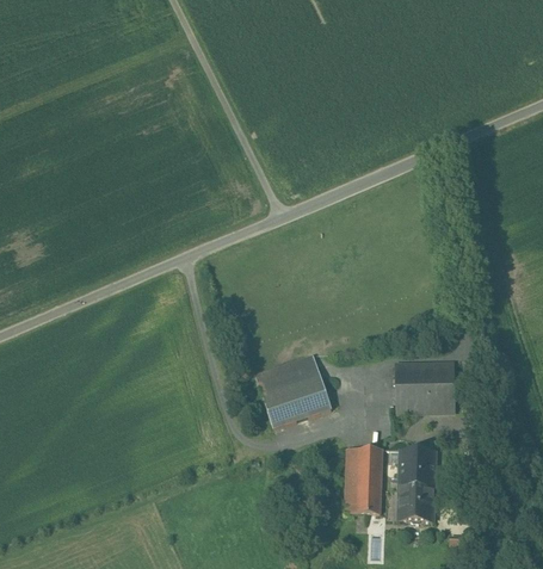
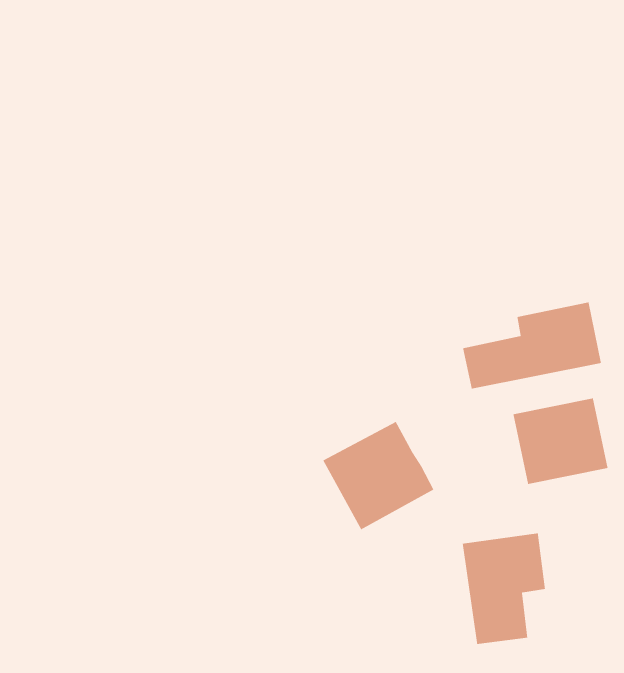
building: none -> [462,302,602,390]
building: [387,447,437,517] -> none

